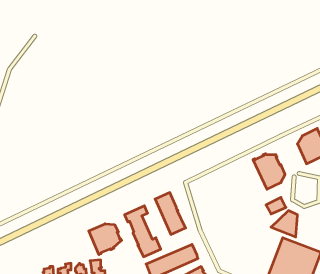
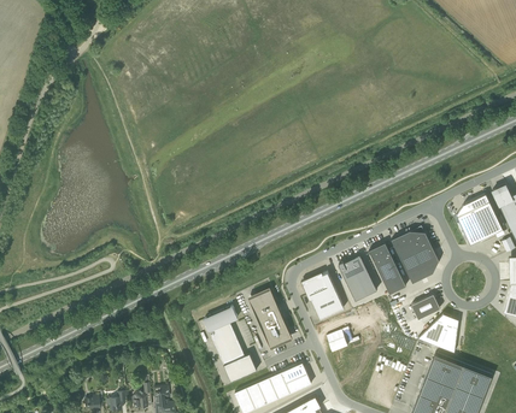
building: none -> [369,242,406,294]
building: none -> [339,254,377,300]
building: none -> [301,271,344,318]
building: [89,224,122,255] -> none

